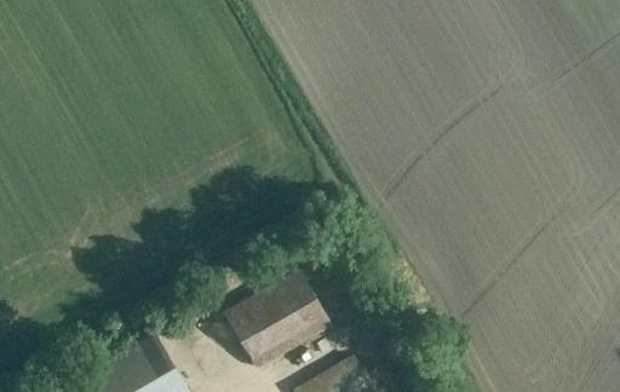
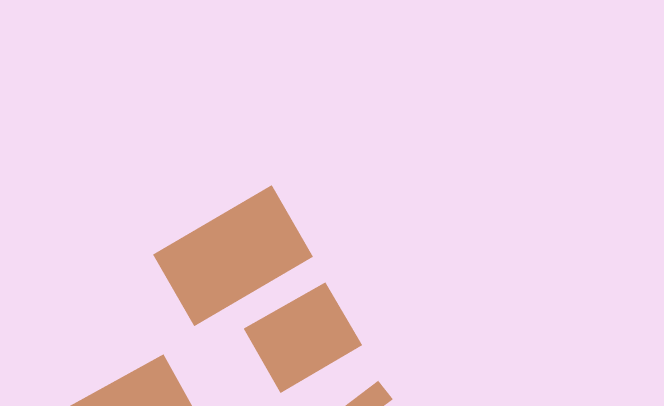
building: none -> [152,184,314,327]

